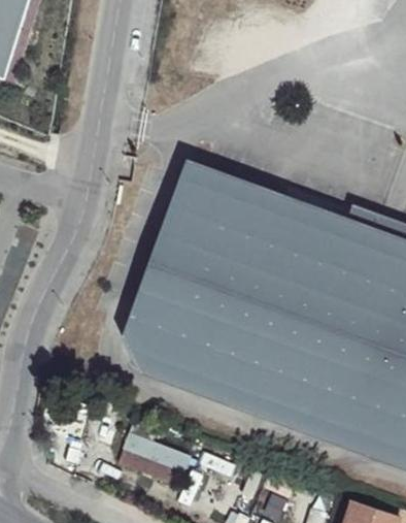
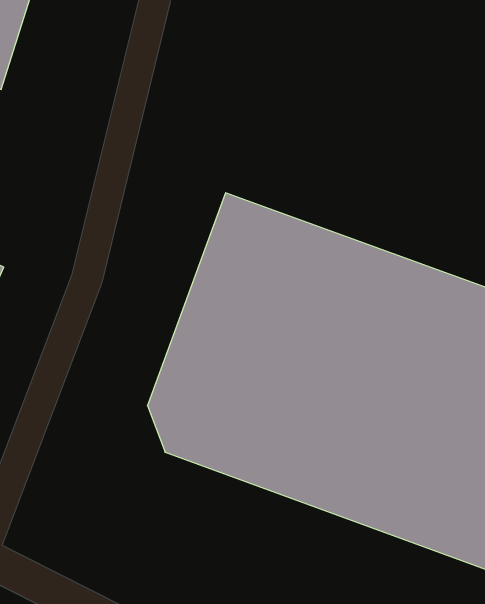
building: [120,433,188,484] -> none

